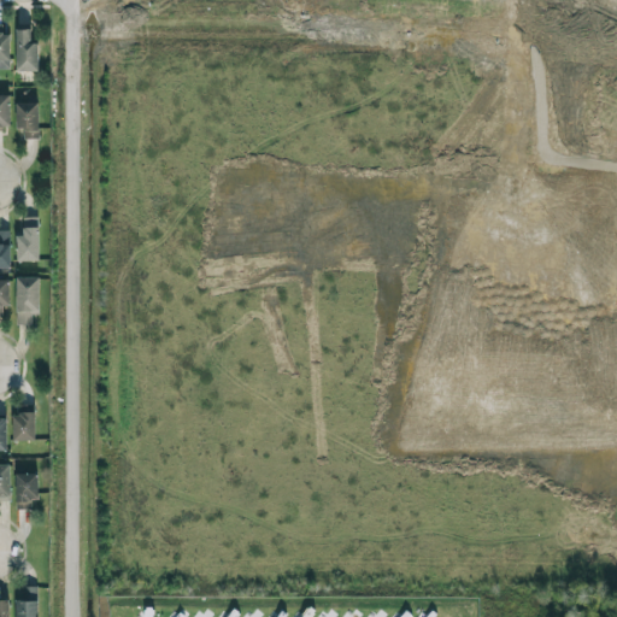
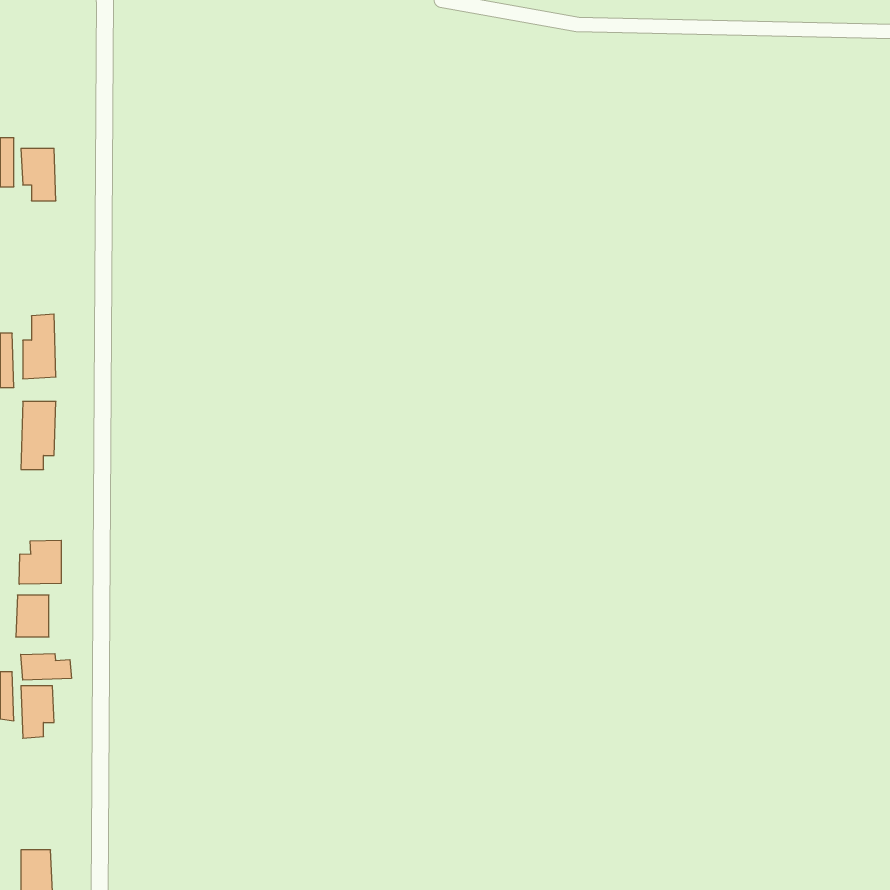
building: [16,29,39,72] -> none
building: none -> [19,540,61,584]
building: none -> [21,654,71,680]

